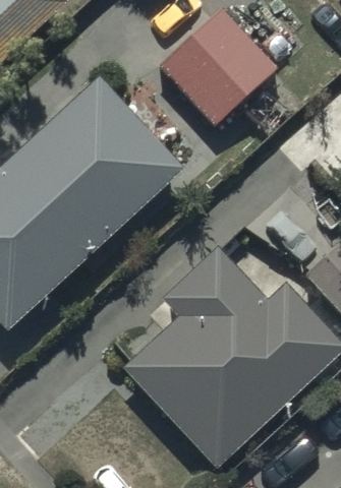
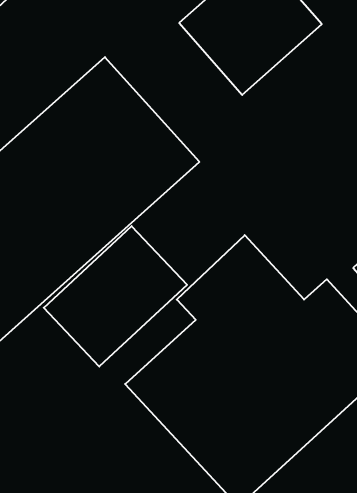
building: none -> [44,226,187,367]

